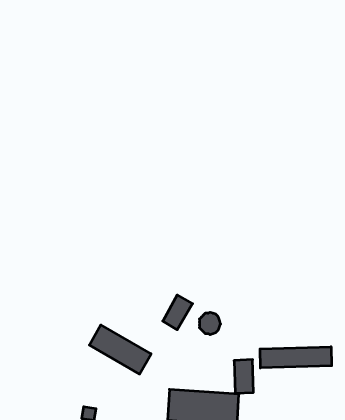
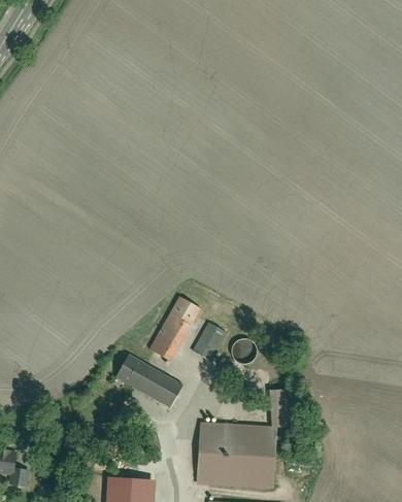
building: none -> [150,297,199,360]
building: [260,347,332,368] -> none

